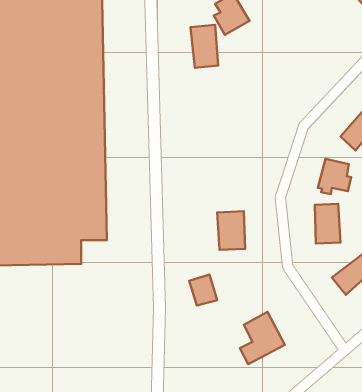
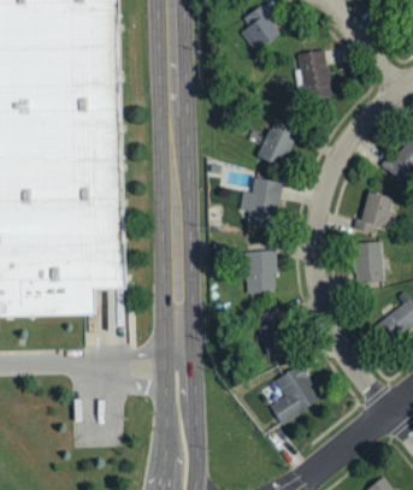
building: [190,25,218,68] -> [300,52,331,100]
building: none -> [259,122,296,167]
building: none -> [241,178,283,230]
building: [189,274,217,305] -> [259,321,290,356]

